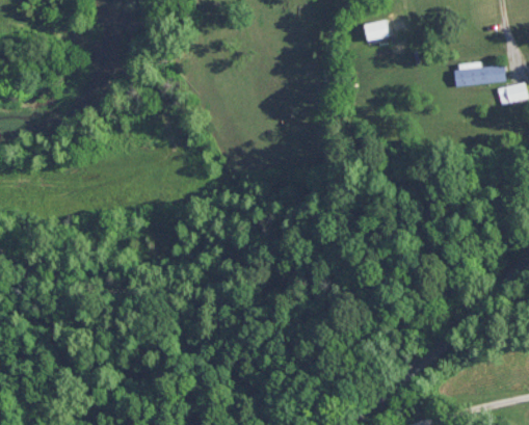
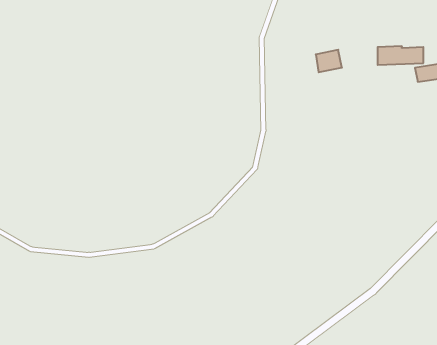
building: [363,19,392,44] -> [316,50,342,72]

